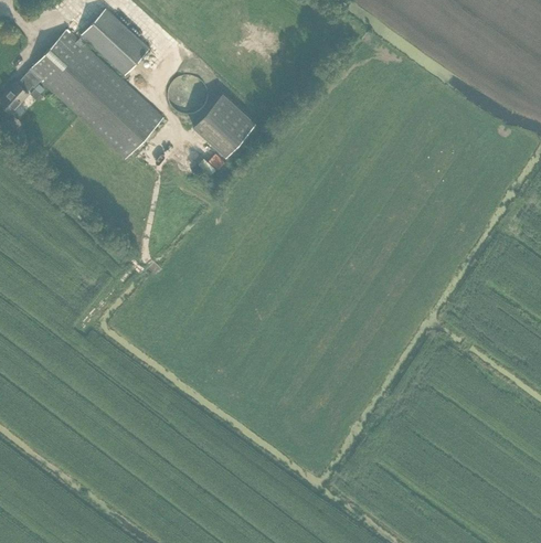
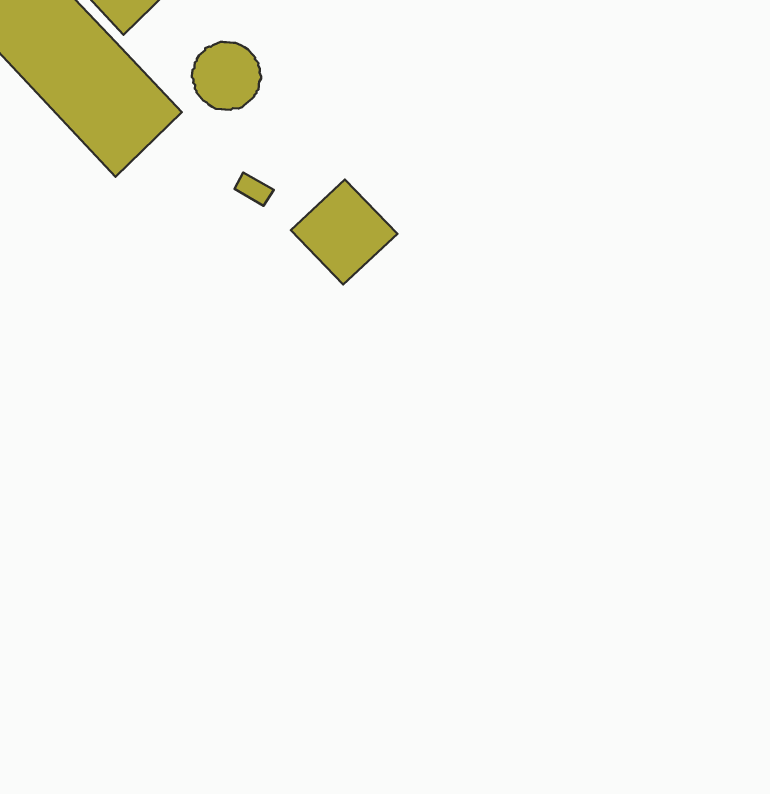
building: [193,94,256,156] -> [291,180,397,284]

